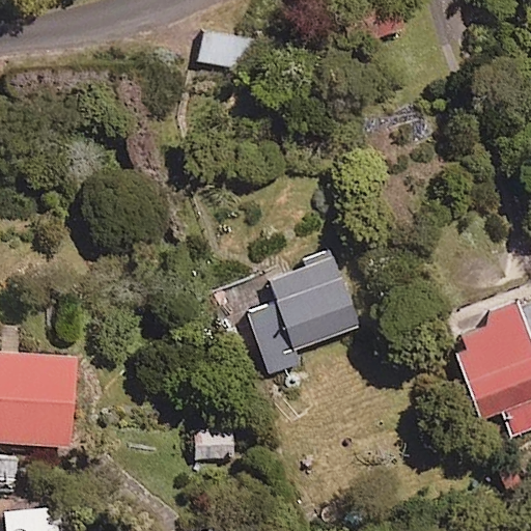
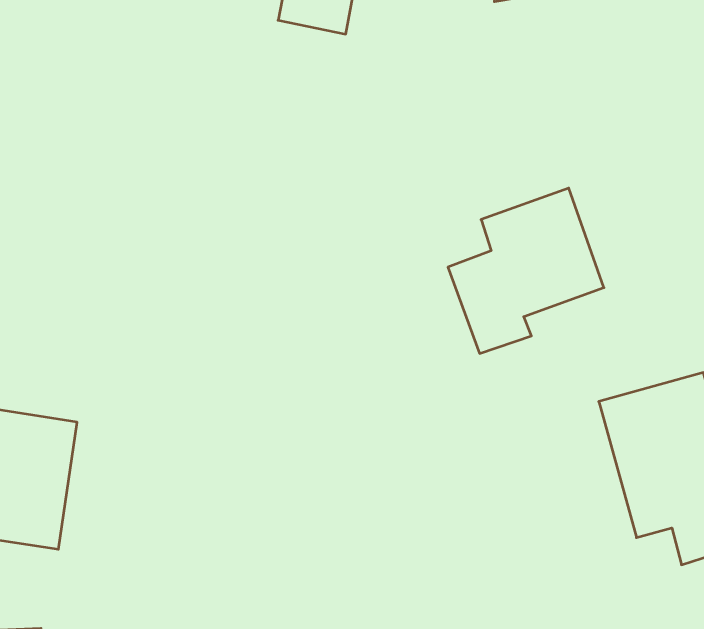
building: [247,254,359,375] -> [448,188,604,353]

